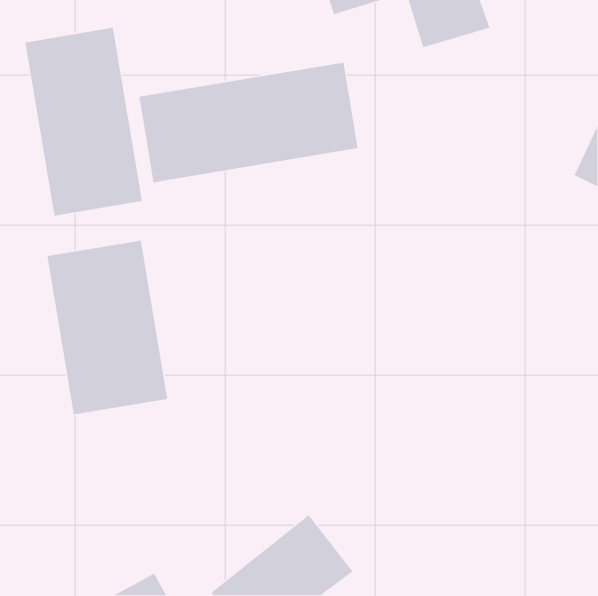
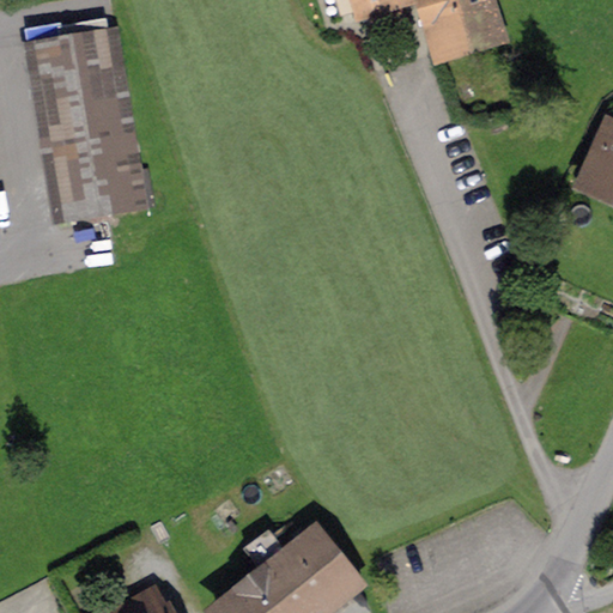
building: [139,62,358,183] -> none
building: [47,240,168,415] -> none

